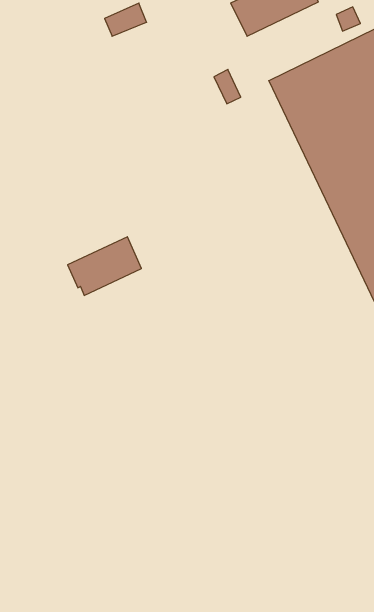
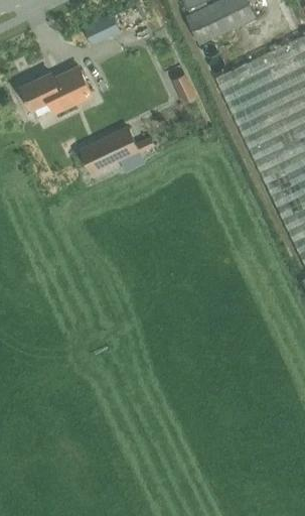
building: none -> [21,67,93,113]
building: [68,237,141,295] -> [81,127,139,173]

